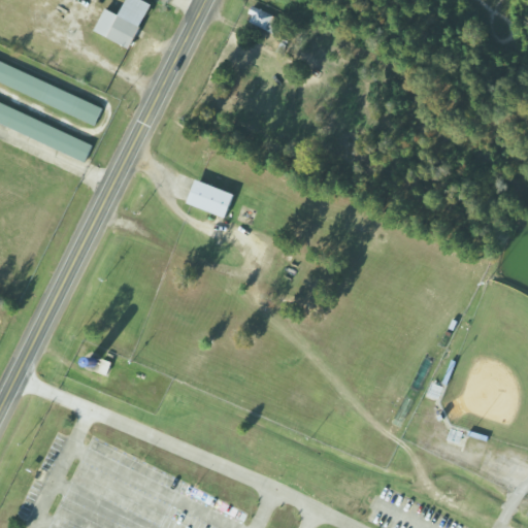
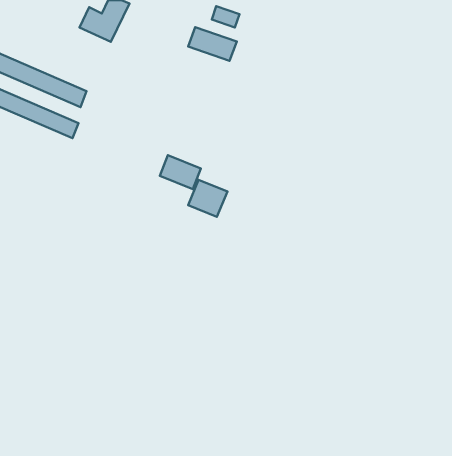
building: none -> [188,27,237,61]
building: none -> [188,180,227,217]

